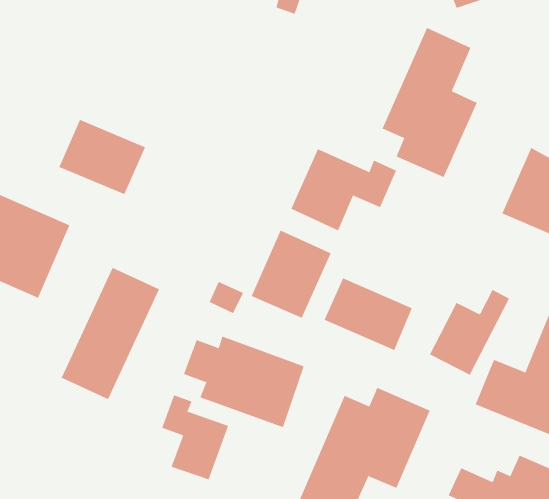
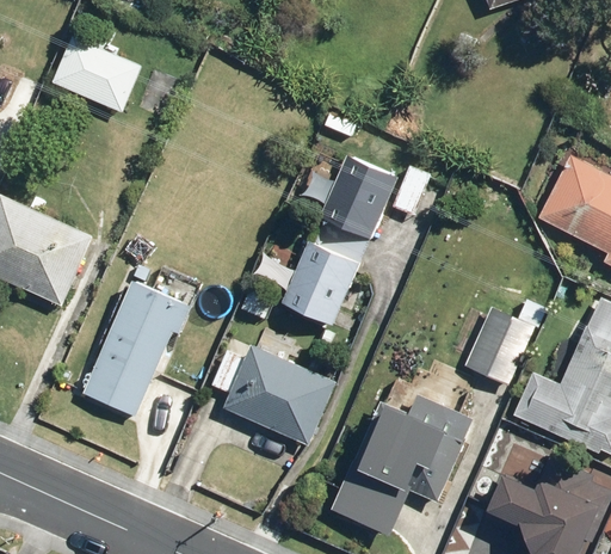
building: [382,27,478,178] -> none
building: [59,119,146,195] -> [55,36,144,113]
building: [324,278,413,351] -> none
building: [162,395,229,480] -> none

